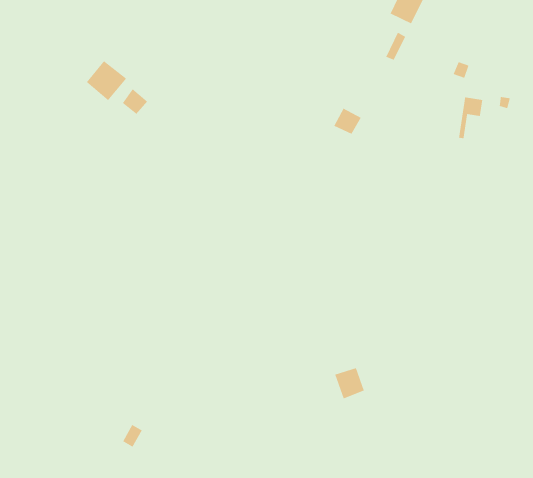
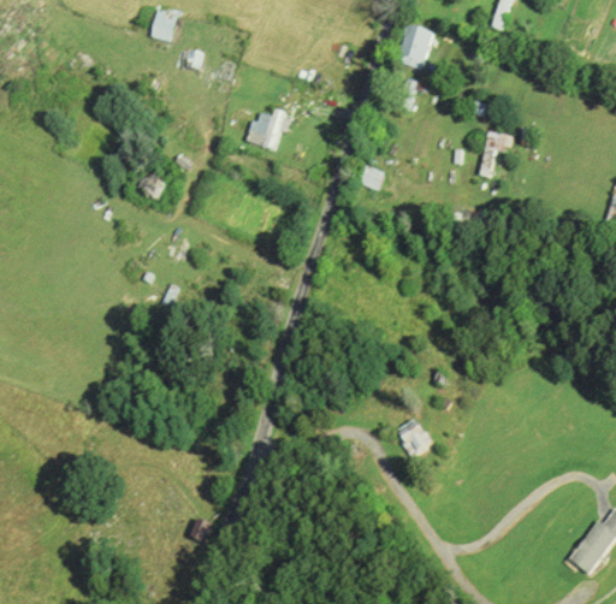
building: none -> [247,107,288,149]
building: [86,60,127,101] -> none

